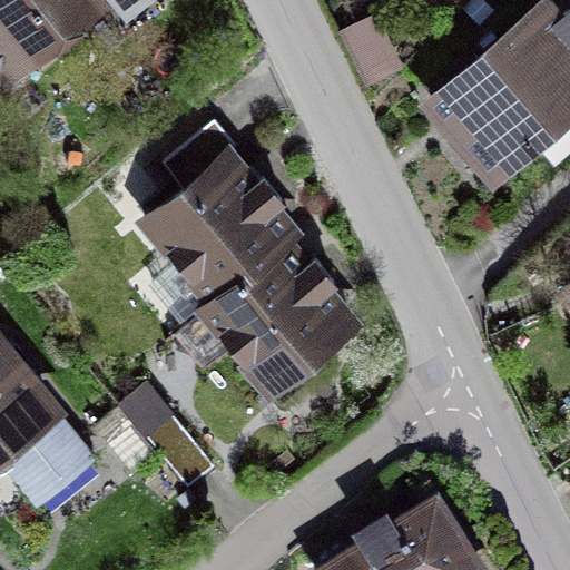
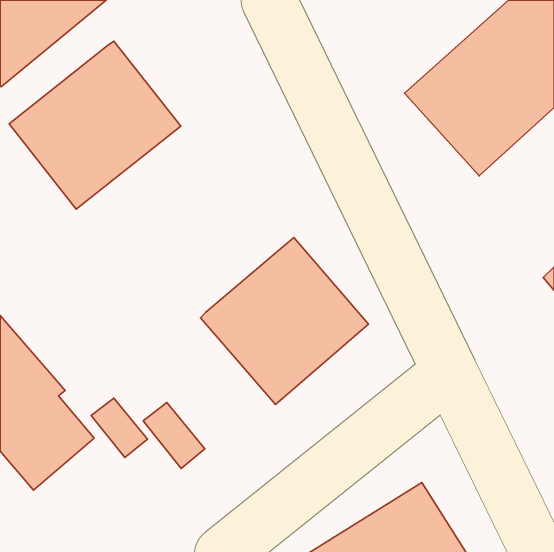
building: none -> [9,41,181,209]
building: [141,156,312,323] -> none

